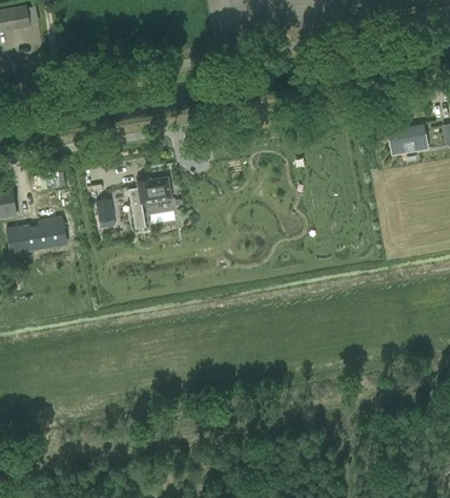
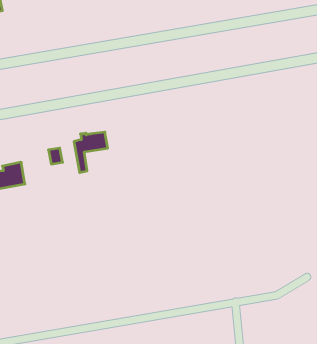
building: [387,123,427,154] -> none

